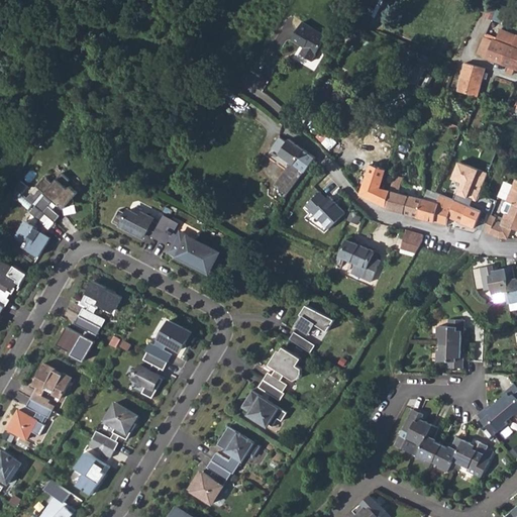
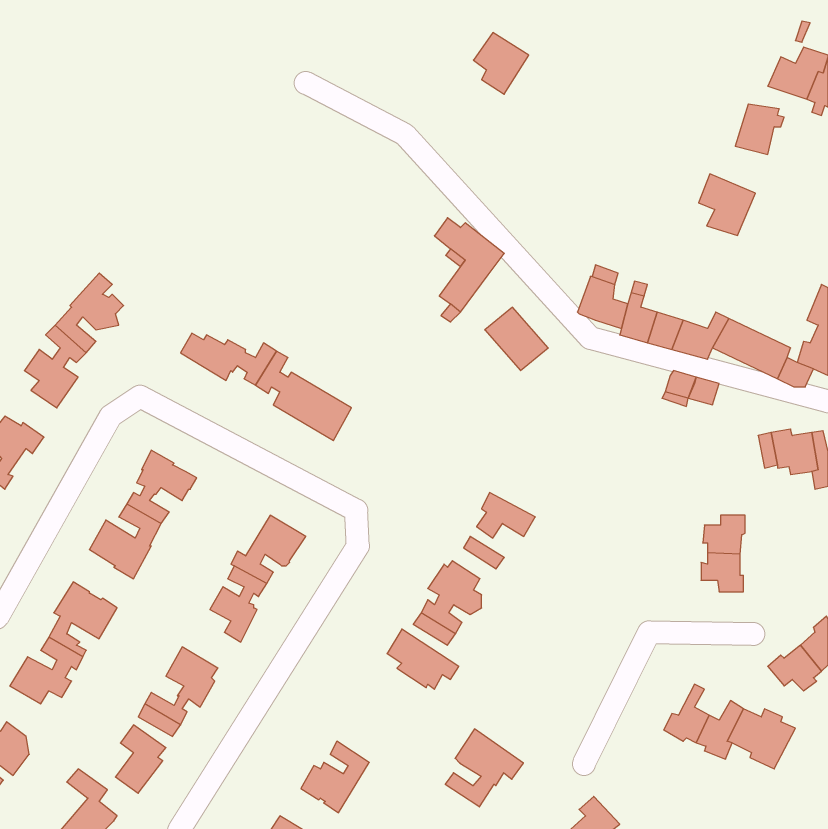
building: [448,163,484,201] -> [699,174,755,235]
building: [334,239,380,283] -> none
building: [401,411,431,445] -> none
building: [209,427,257,476] -> [445,729,523,807]

